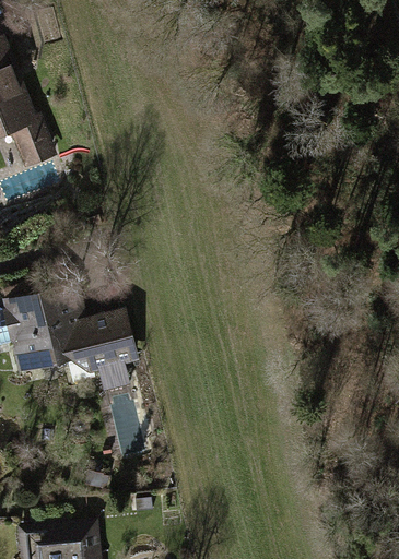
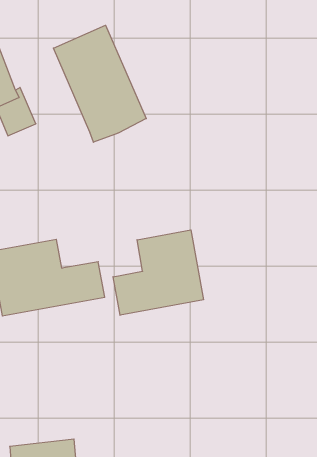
building: none -> [53,25,146,142]
building: none -> [113,230,203,315]

